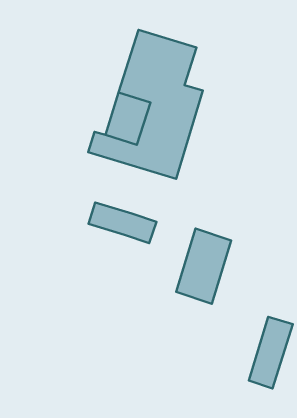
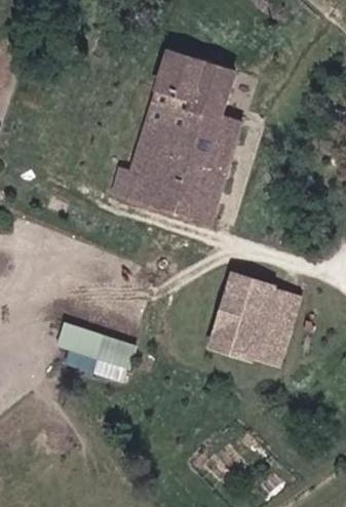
building: [89,203,157,243] -> [53,323,129,368]
building: [249,317,293,389] -> [249,289,299,369]

